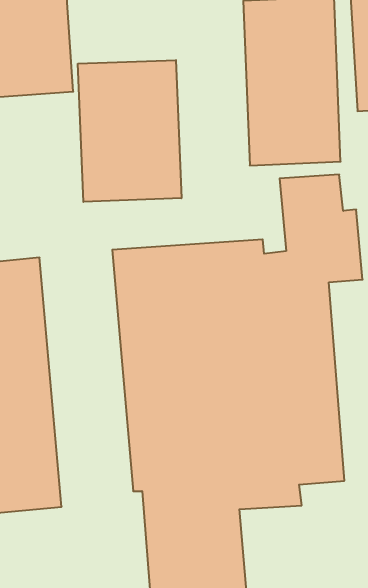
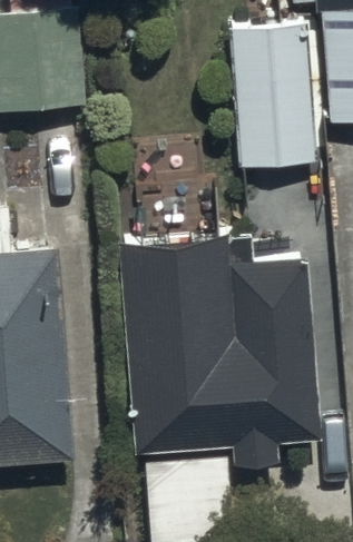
building: [78,60,181,202] -> none

